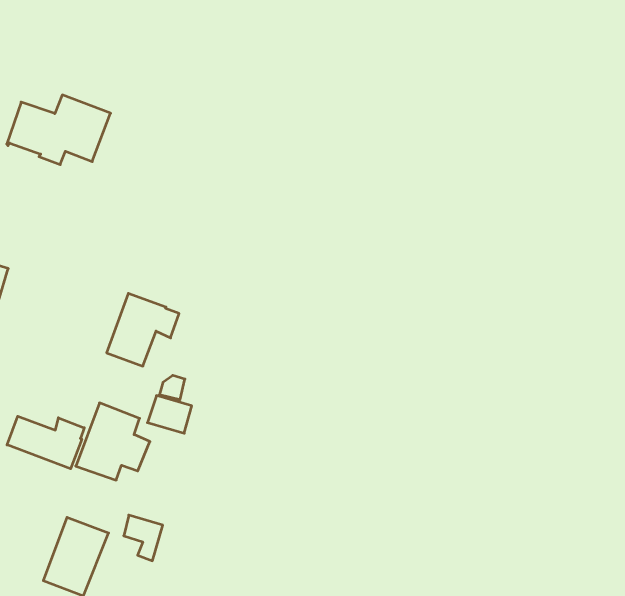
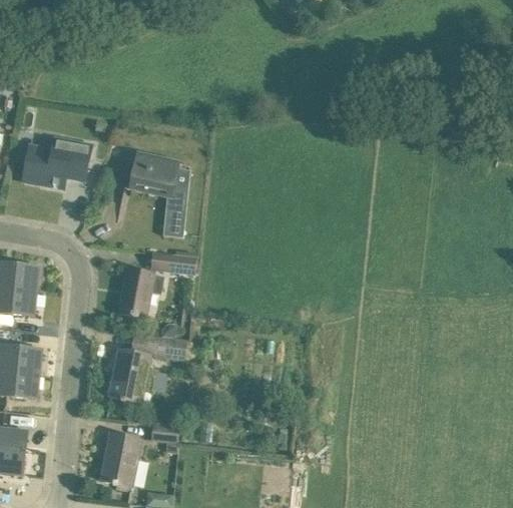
building: none -> [128,151,187,236]
building: none -> [151,255,192,275]
building: [7,416,84,469] -> none

